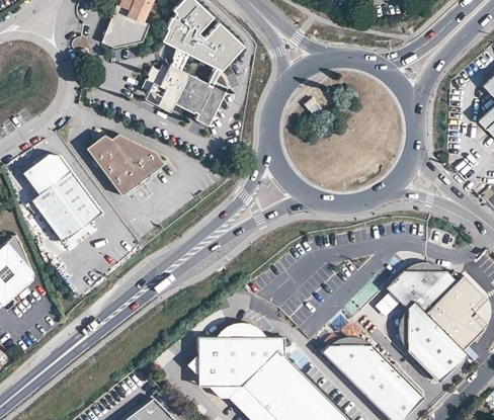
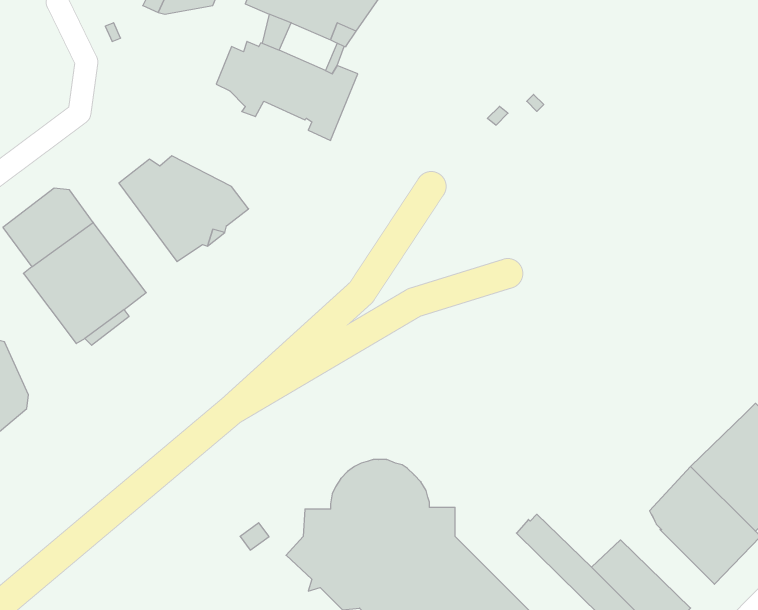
building: [391,266,458,342] -> none
building: [334,340,384,375] -> none

